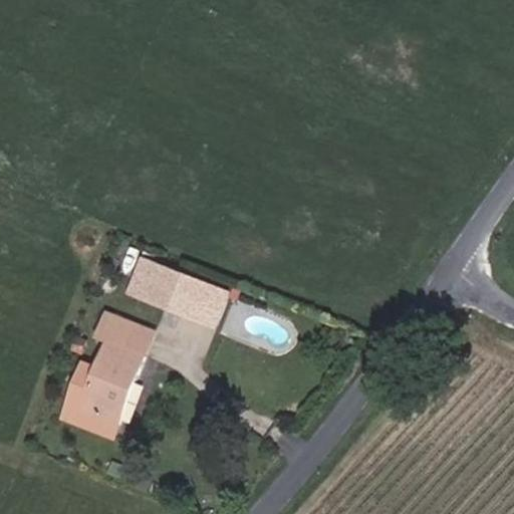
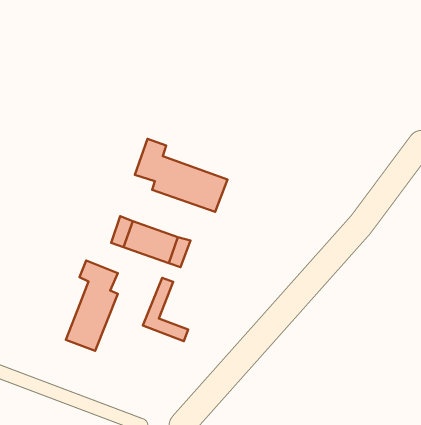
building: none -> [135,139,227,212]
building: [60,359,114,436] -> [143,278,188,341]

